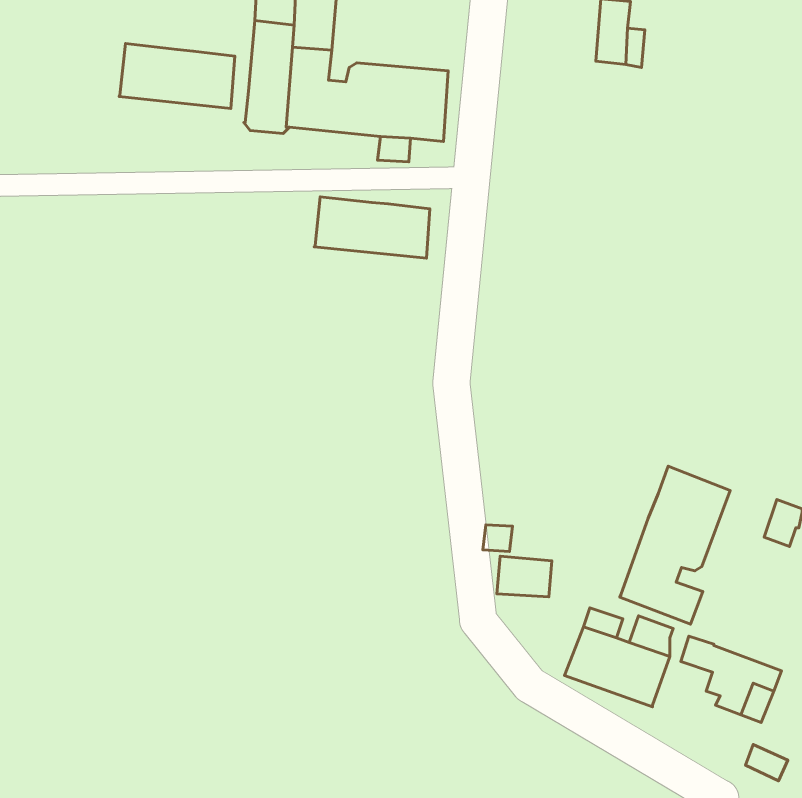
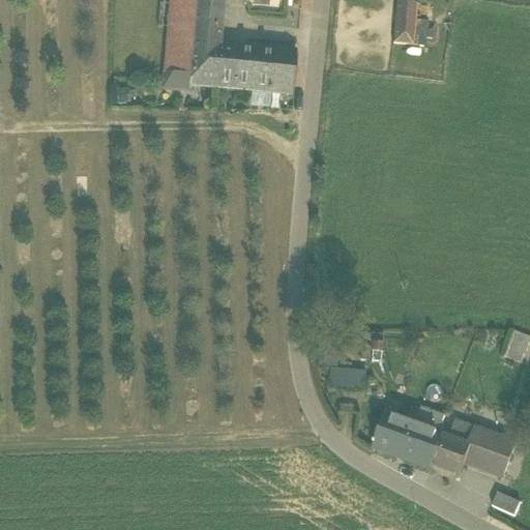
building: [119,44,235,108] -> none
building: [314,197,430,258] -> none
building: [620,466,730,624] -> none
building: none -> [430,433,469,475]

